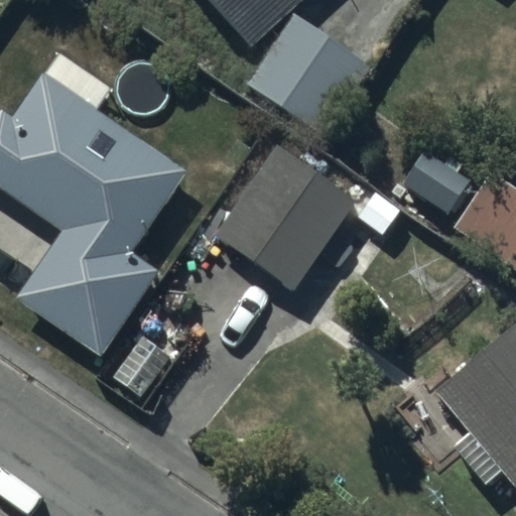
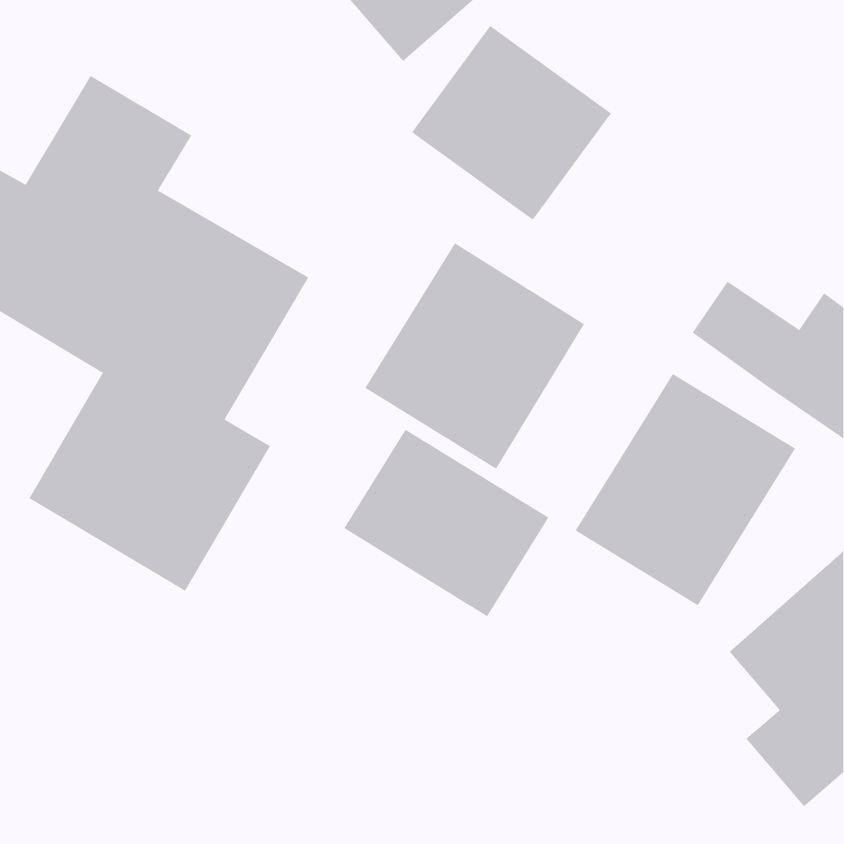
building: none -> [575,373,796,606]
building: none -> [344,429,549,617]

